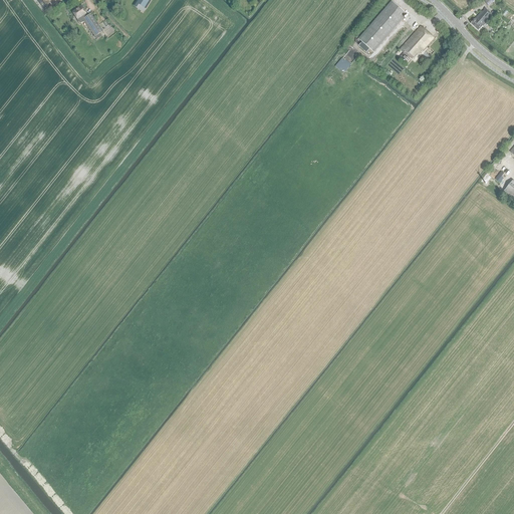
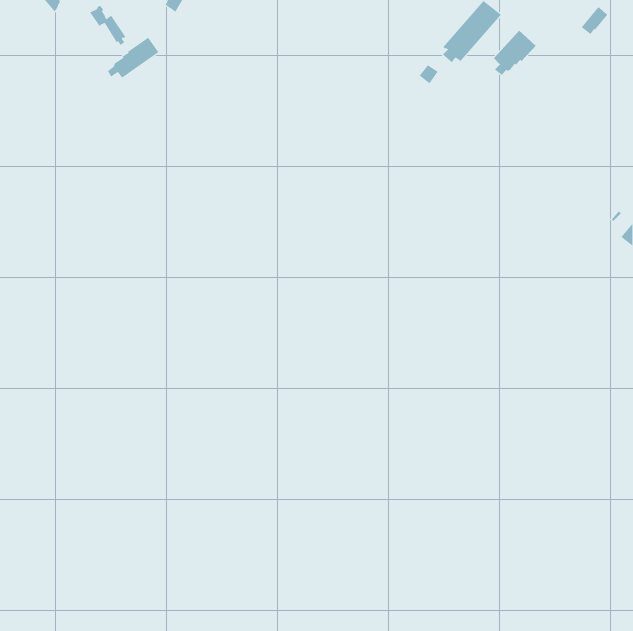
building: none -> [107,37,159,78]

